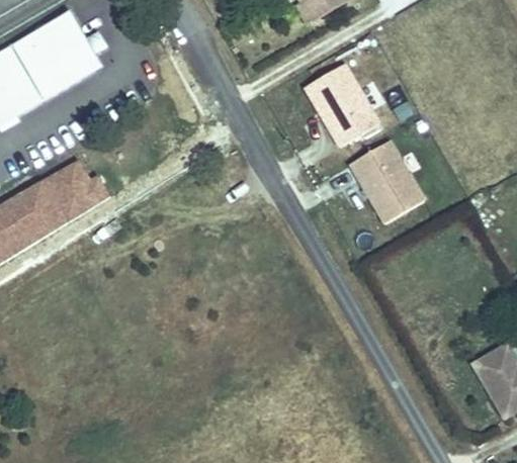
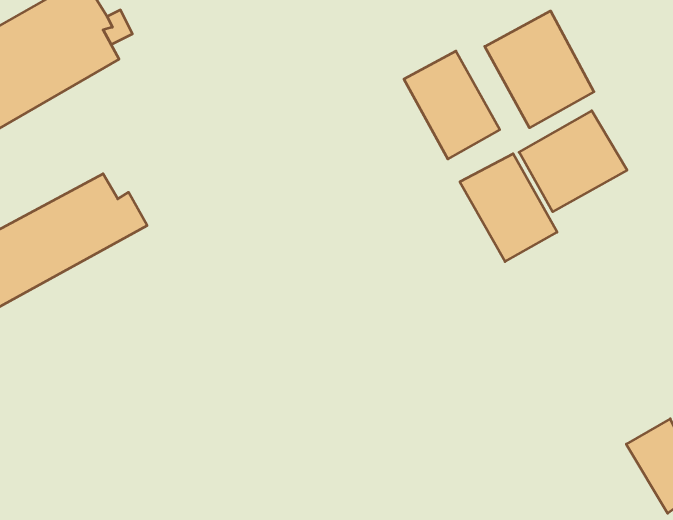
building: none -> [485,11,594,128]
building: none -> [519,111,627,212]

